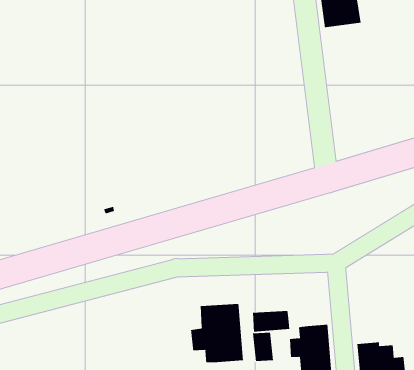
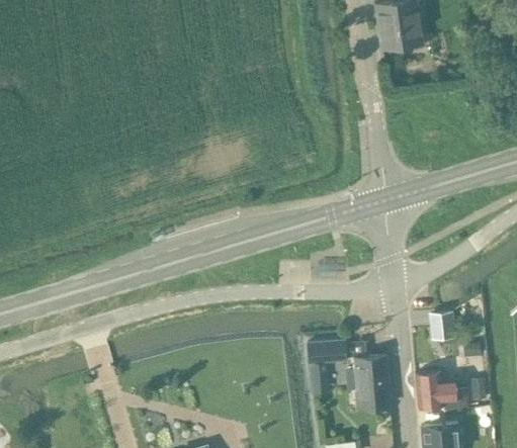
building: none -> [430,312,456,341]
building: [190,303,243,363] -> none

